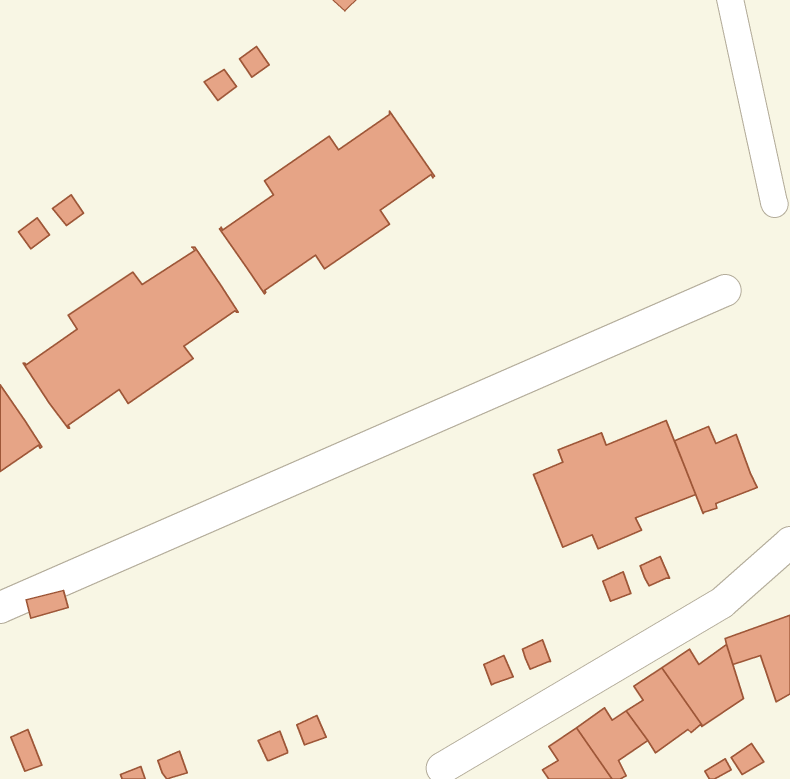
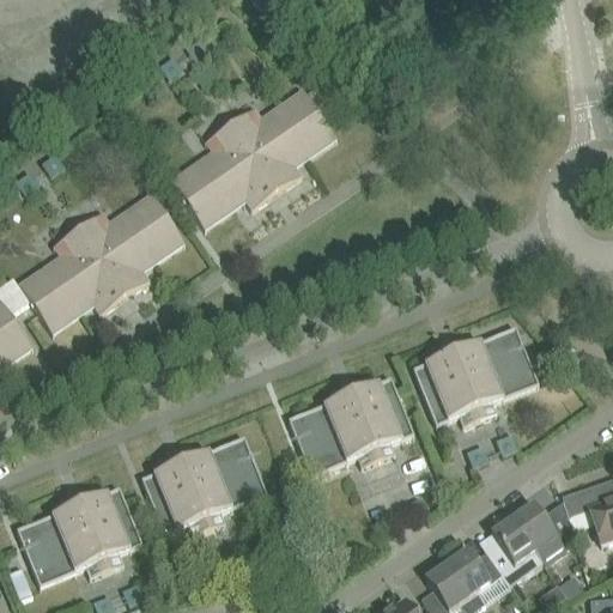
building: [674,426,757,514] -> none
building: none -> [289,376,414,474]
building: none -> [141,436,267,534]
building: none -> [17,486,142,584]

